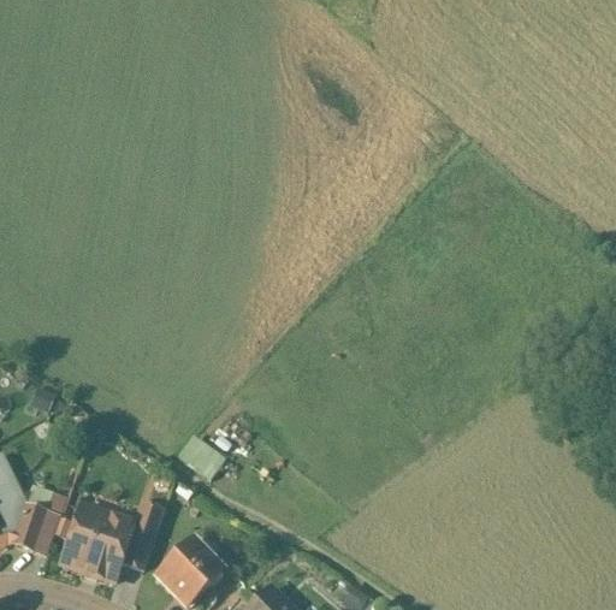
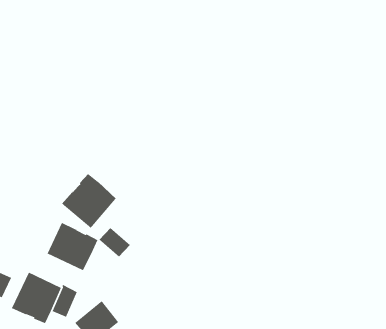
building: none -> [61,173,117,229]
building: none -> [47,222,99,271]

